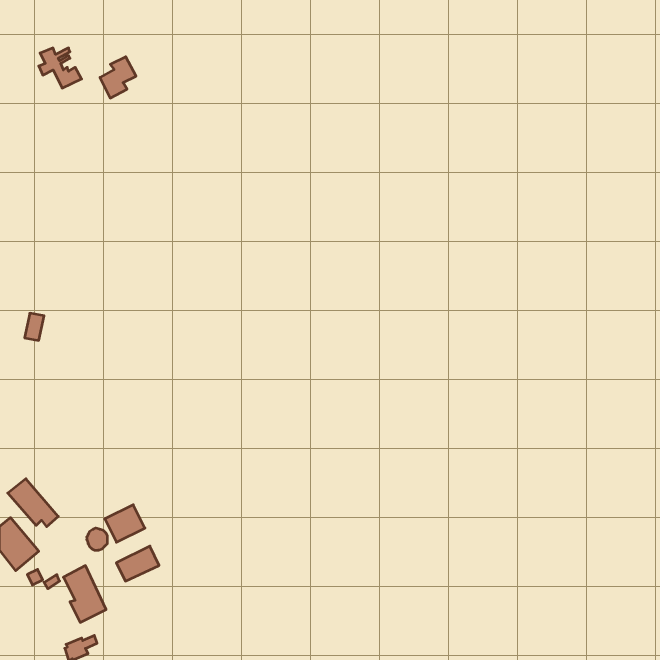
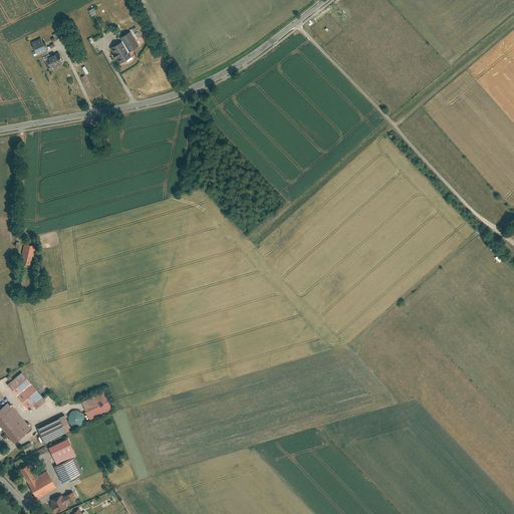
building: [100,57,136,98] -> [110,31,139,63]
building: [116,546,159,581] -> [37,415,70,442]
building: none -> [19,464,55,500]

